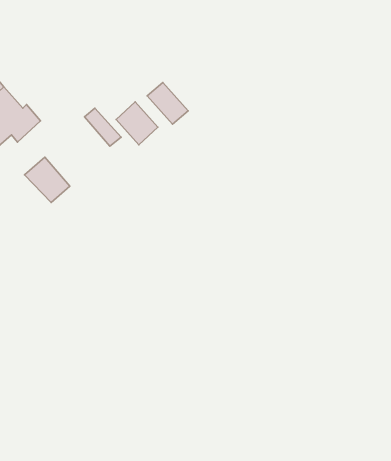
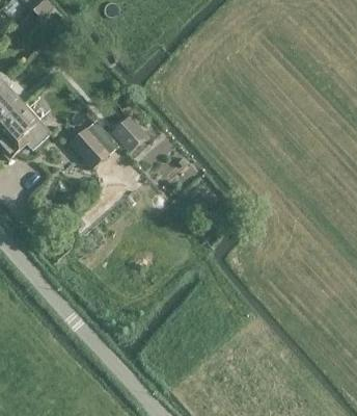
building: [147,83,188,124] -> none
building: [24,157,70,203] -> [70,128,107,165]

